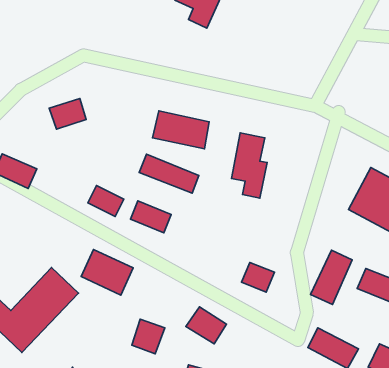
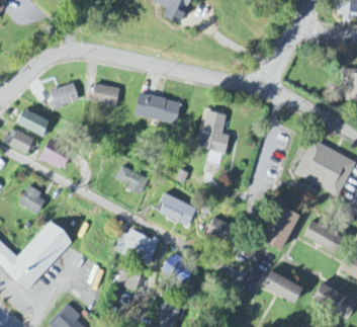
building: none -> [91,83,119,106]
building: none -> [15,108,49,136]
building: [139,154,199,193] -> none
building: [88,186,124,216] -> [39,144,69,169]
building: none -> [18,187,47,214]
building: none -> [158,195,195,225]
building: [81,249,133,295] -> [116,227,159,264]

